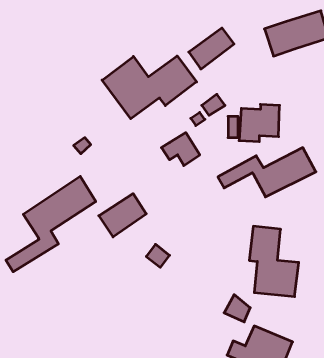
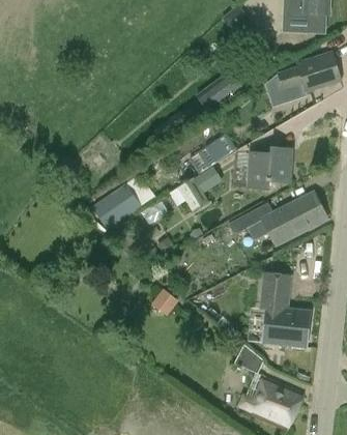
building: [102,56,197,119] -> none
building: [6,176,96,272] -> none
building: [99,194,146,237] -> [91,184,140,229]

